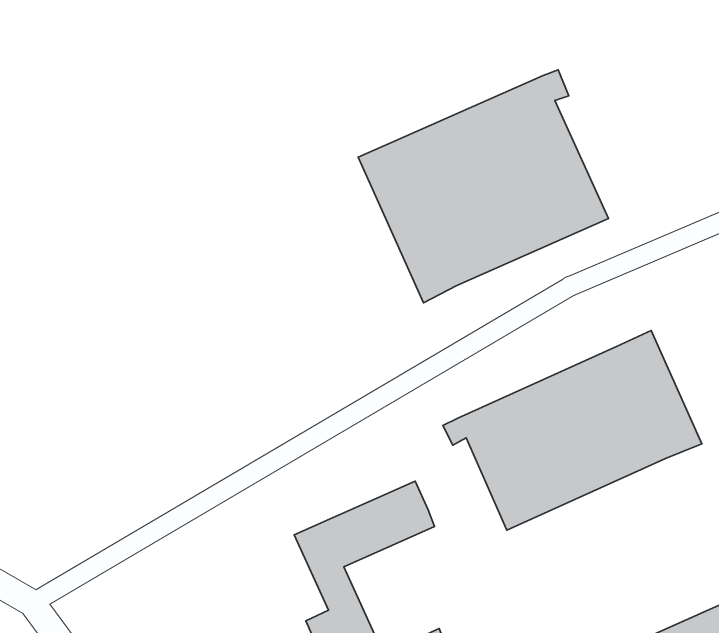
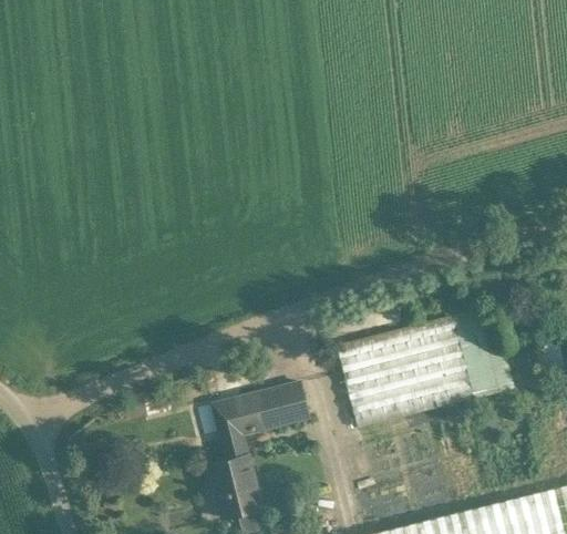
building: [358,70,609,303] -> none

